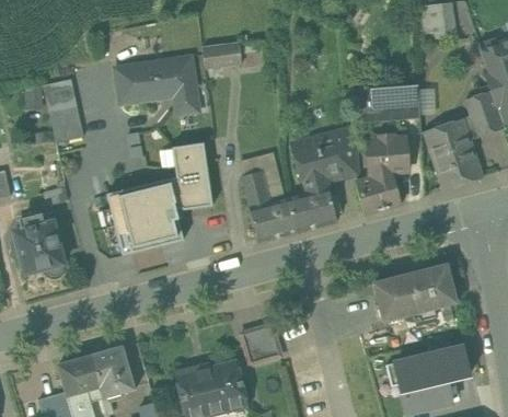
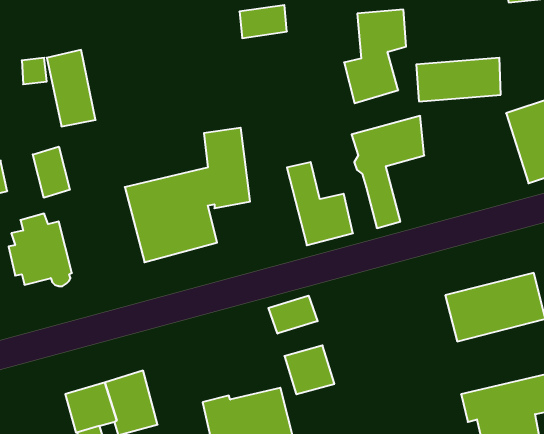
building: [114,56,198,113] -> none
building: [356,136,407,213] -> [344,10,406,103]
building: none -> [33,147,70,198]
building: [289,192,316,230] -> none
building: none -> [268,296,318,334]

